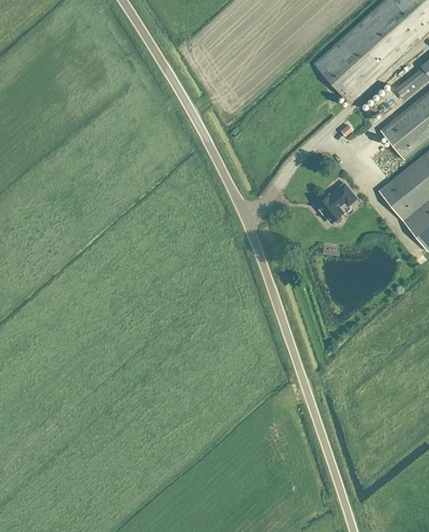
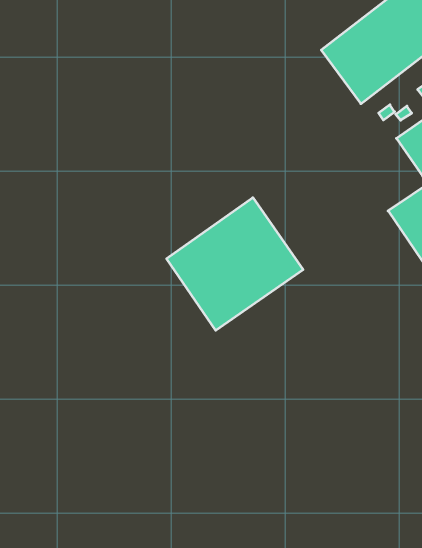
building: [315,182,352,222] -> none
building: none -> [167,198,303,330]

